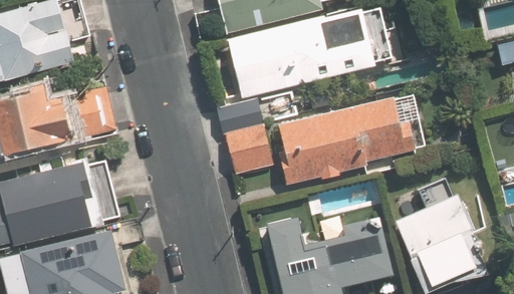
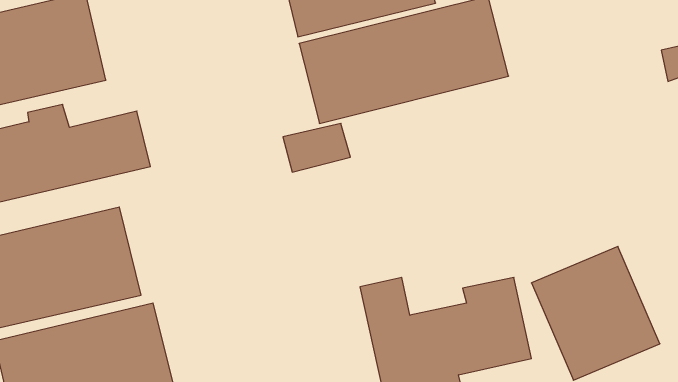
building: [273,92,411,186] -> none
building: [222,125,270,175] -> none

